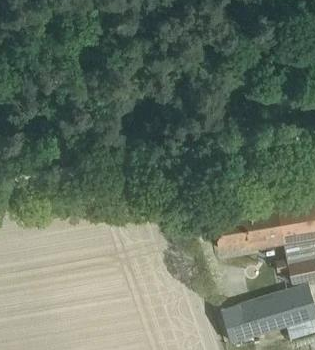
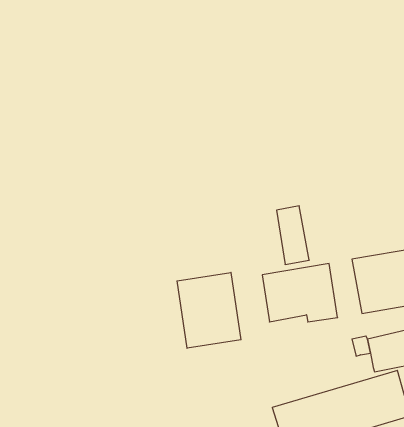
building: [261,208,284,249] -> [277,206,309,264]
building: none -> [177,272,241,348]

